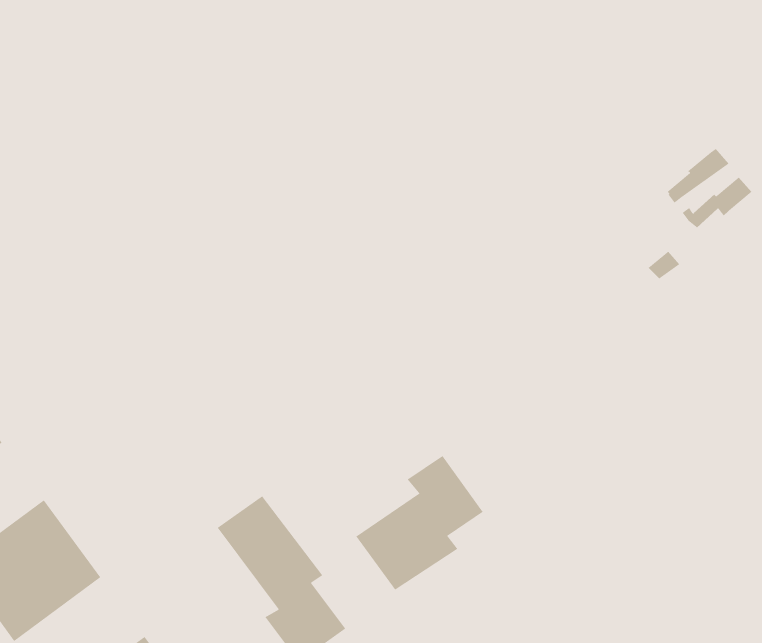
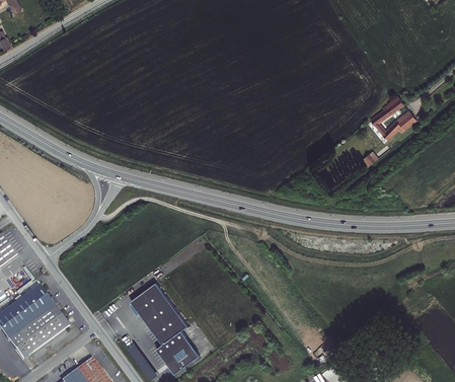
building: [356,455,484,591] -> none

